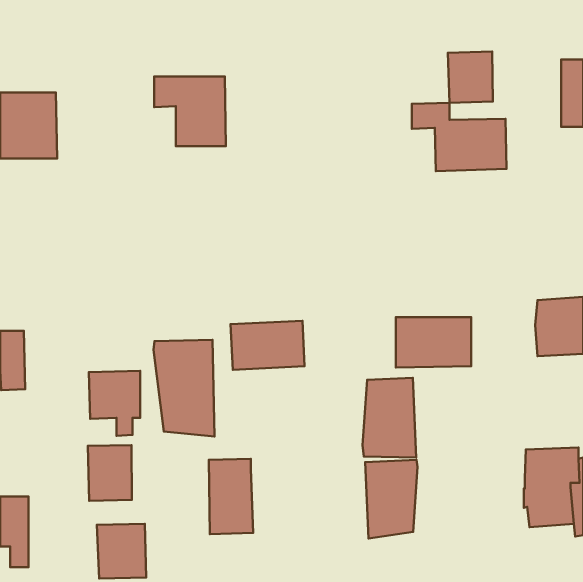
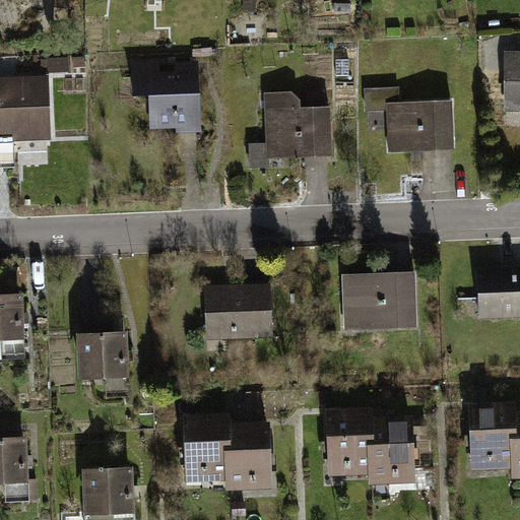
building: [448,52,493,103] -> none
building: none -> [251,101,329,171]
building: [154,340,214,437] -> none
building: [363,378,416,458] -> [368,413,415,484]
building: [88,445,132,501] -> none
building: none -> [223,416,270,485]

